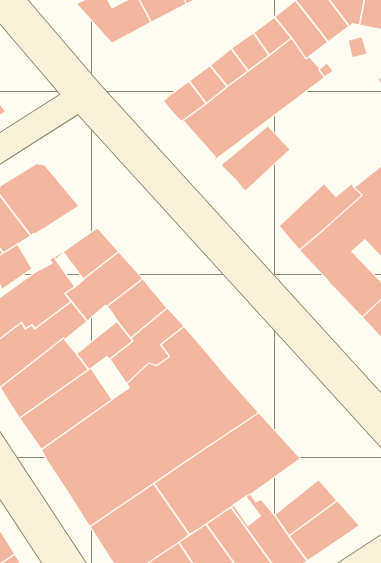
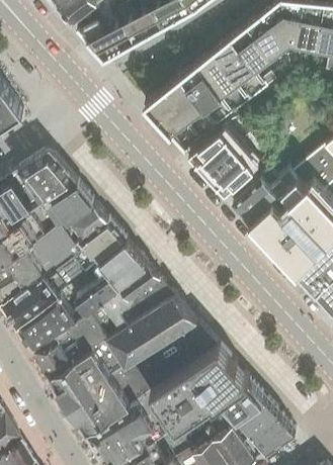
building: none -> [207,144,260,195]
building: none -> [44,187,93,228]
building: none -> [212,382,264,426]

